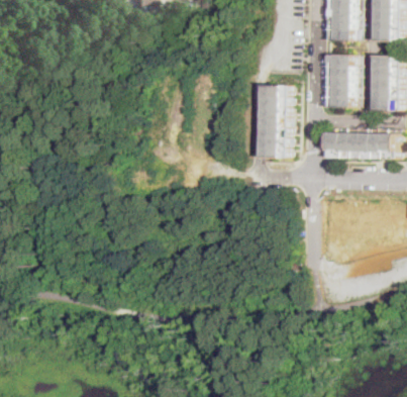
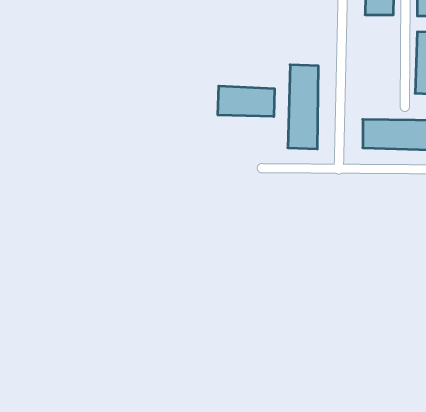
building: [327,54,352,106] -> none
building: none -> [218,86,274,117]

